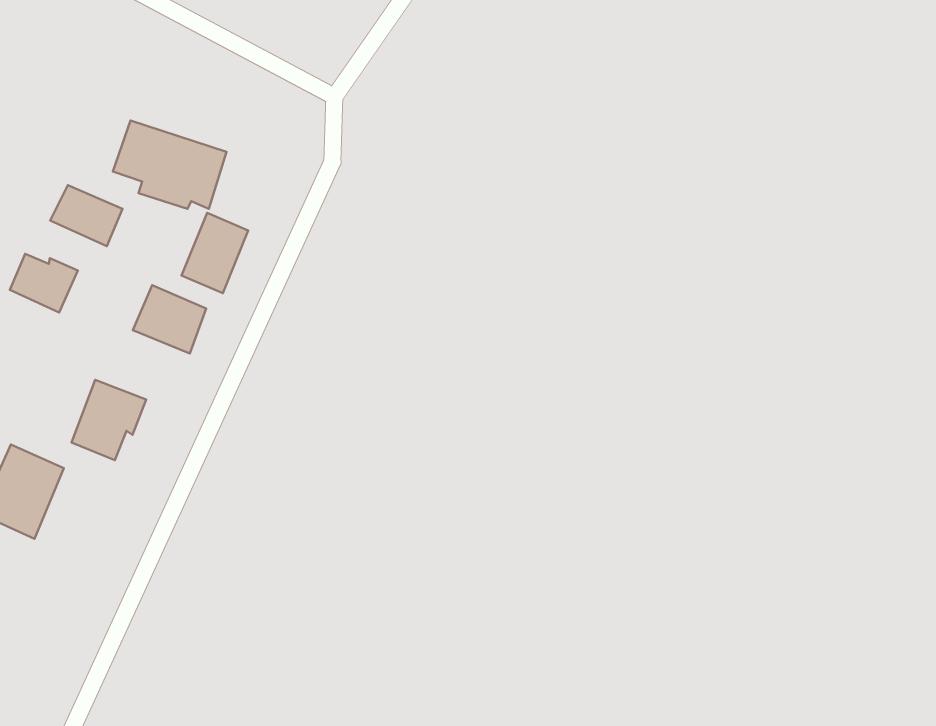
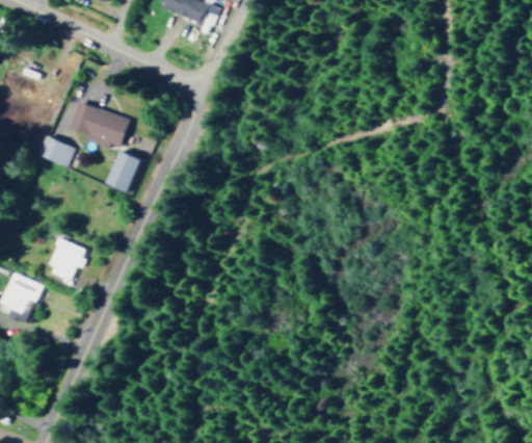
building: [10,254,78,313] -> none
building: [133,285,206,353] -> none

